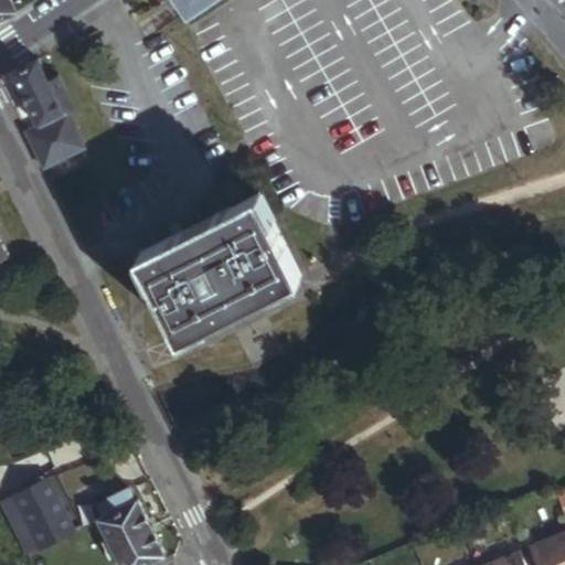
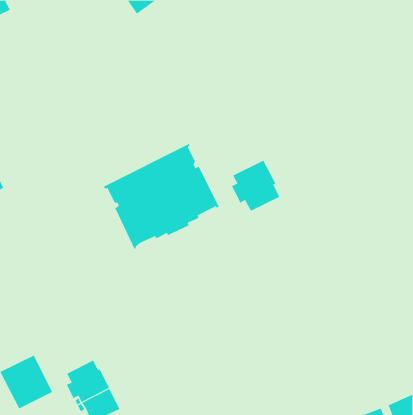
building: [10,62,85,172] -> none
building: none -> [231,160,280,211]

